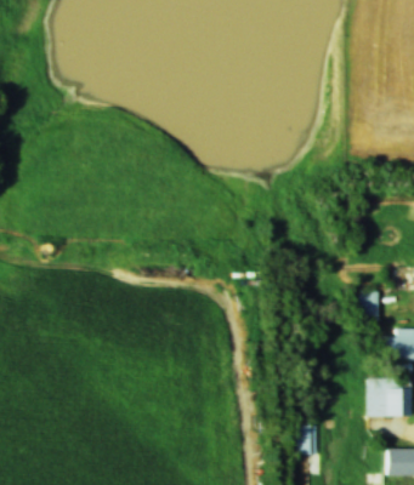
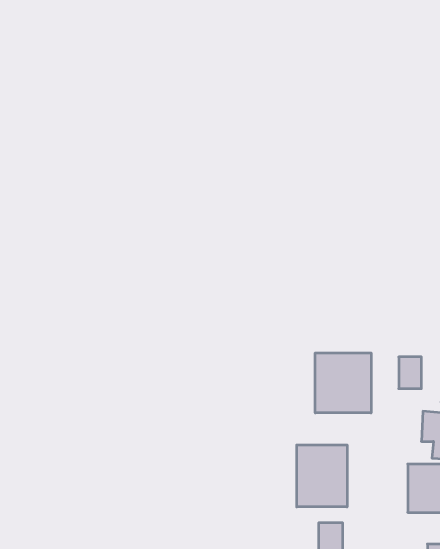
building: none -> [315,353,371,413]
building: none -> [297,445,347,507]

